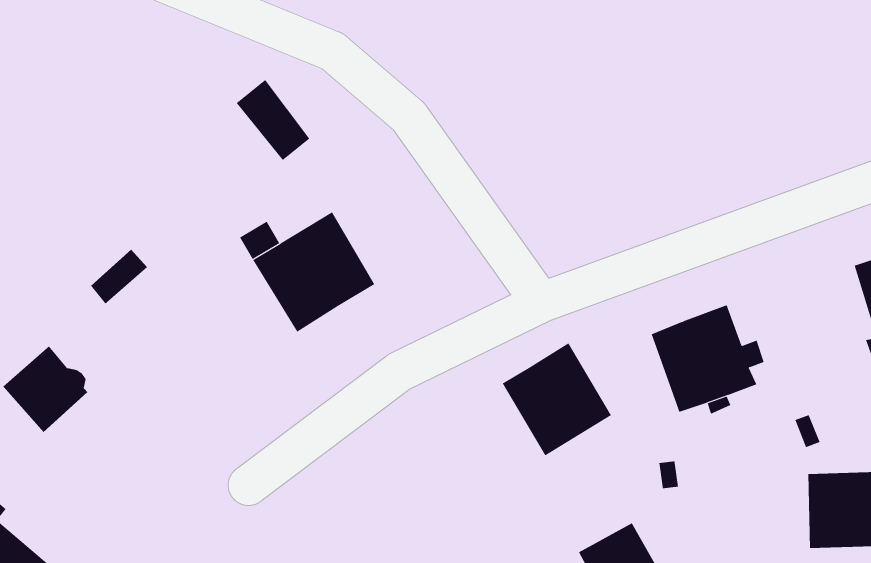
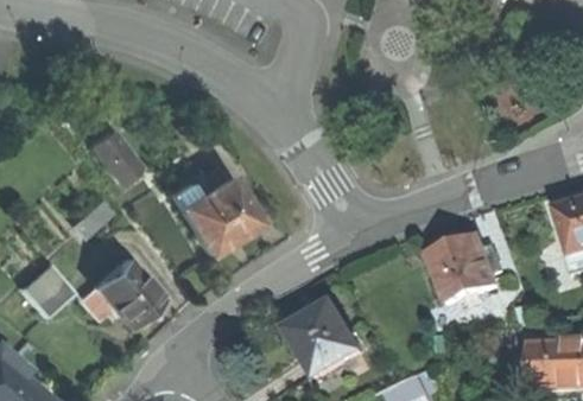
building: [236,79,310,161] -> [89,129,137,182]
building: none -> [77,256,160,325]
building: [502,343,612,456] -> [291,304,361,376]

